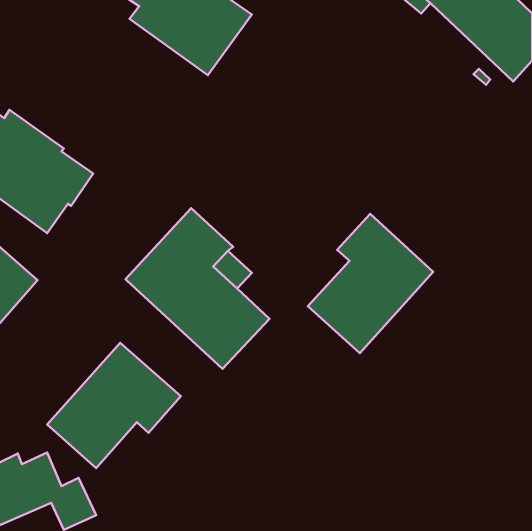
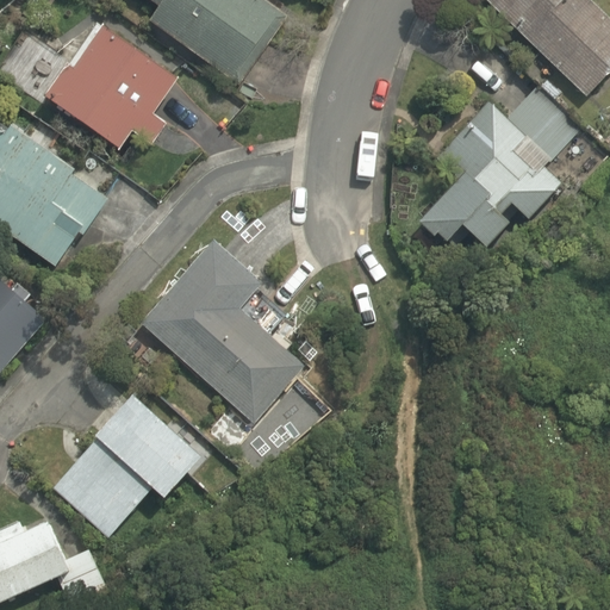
building: none -> [45,30,175,148]
building: none -> [417,86,578,247]
building: [308,214,433,353] -> none

